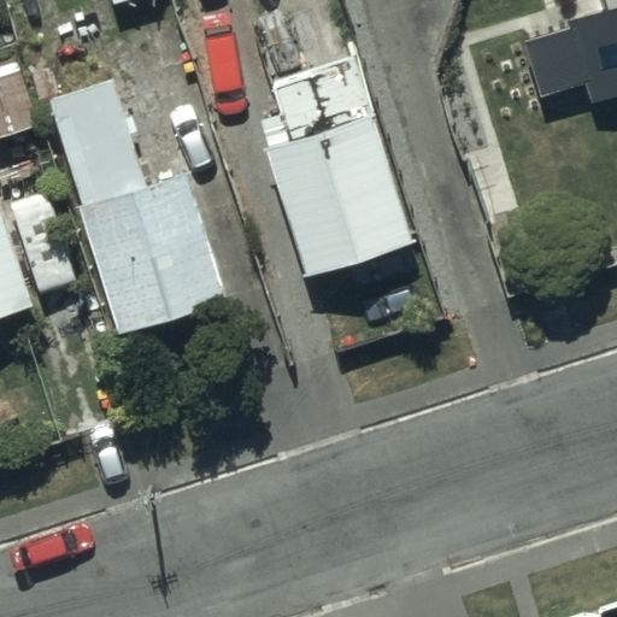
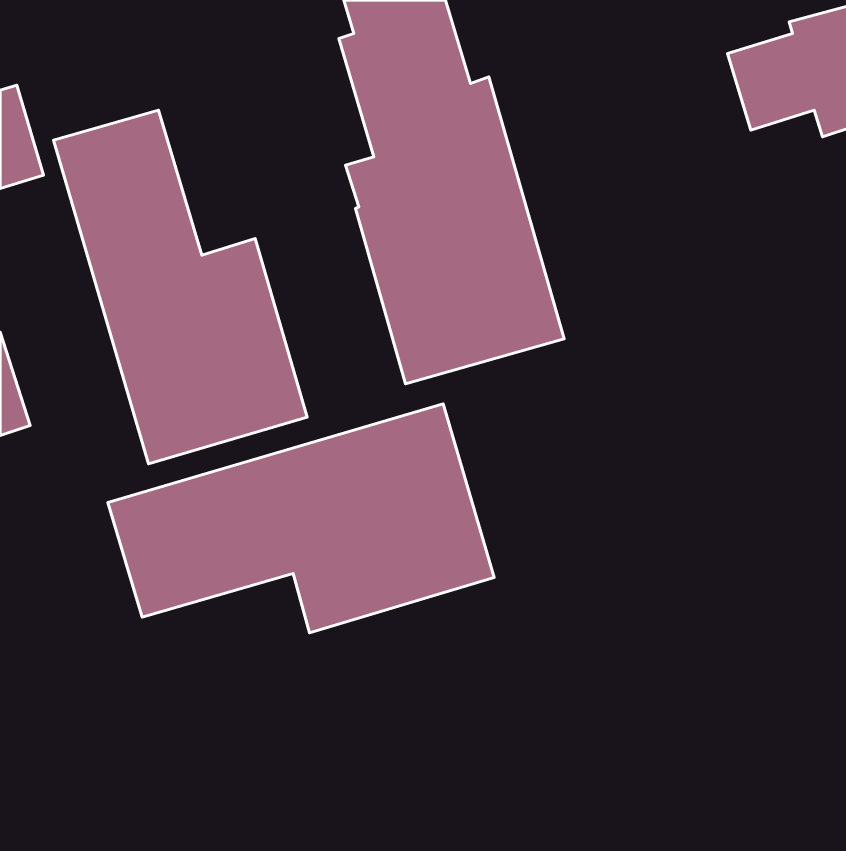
building: none -> [108,404,494,633]

